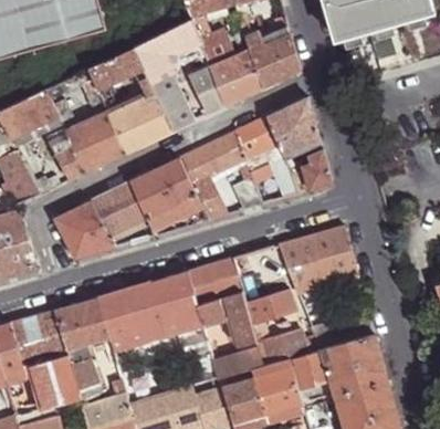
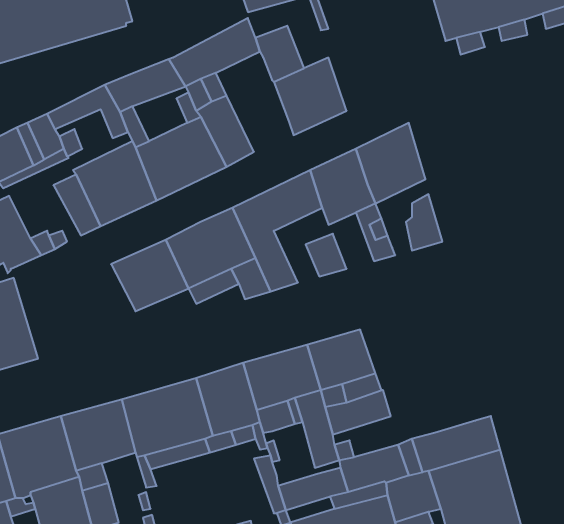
building: [245,32,300,87] -> none
building: [185,65,223,114] -> none
building: [54,199,113,258] -> none
building: [280,226,357,314] -> none

